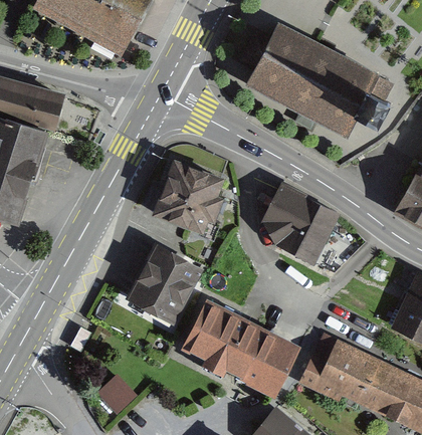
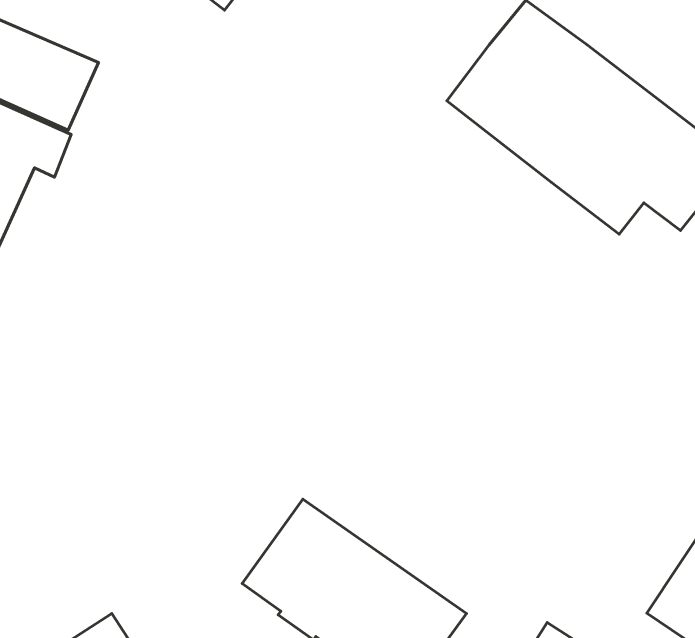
building: [153,161,231,237] -> none
building: [263,189,334,264] -> none
building: [129,245,208,334] -> none

